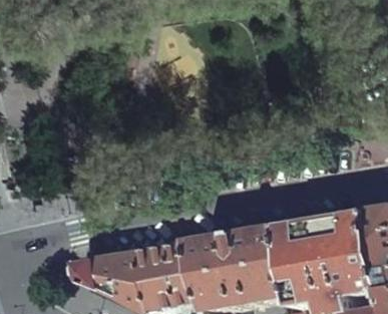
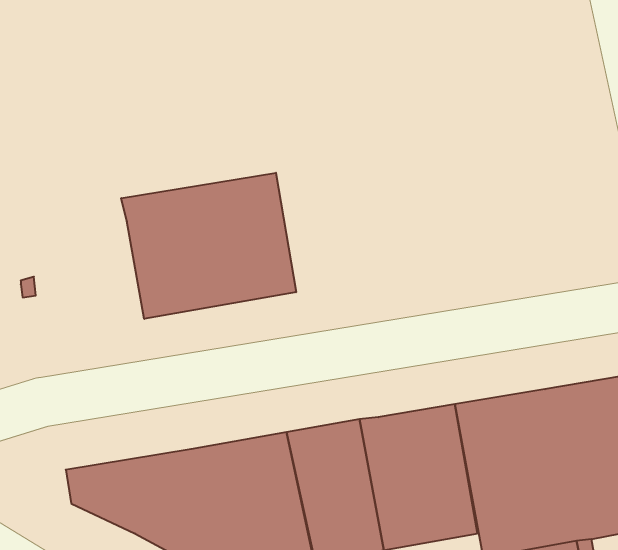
building: none -> [121,173,296,319]

